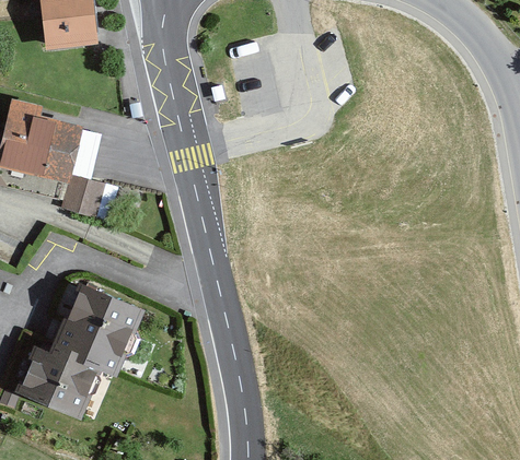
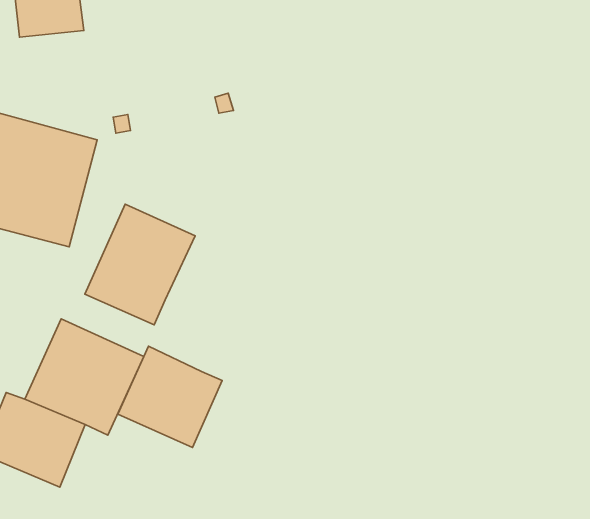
building: none -> [85,204,195,325]
building: none -> [118,346,222,448]

